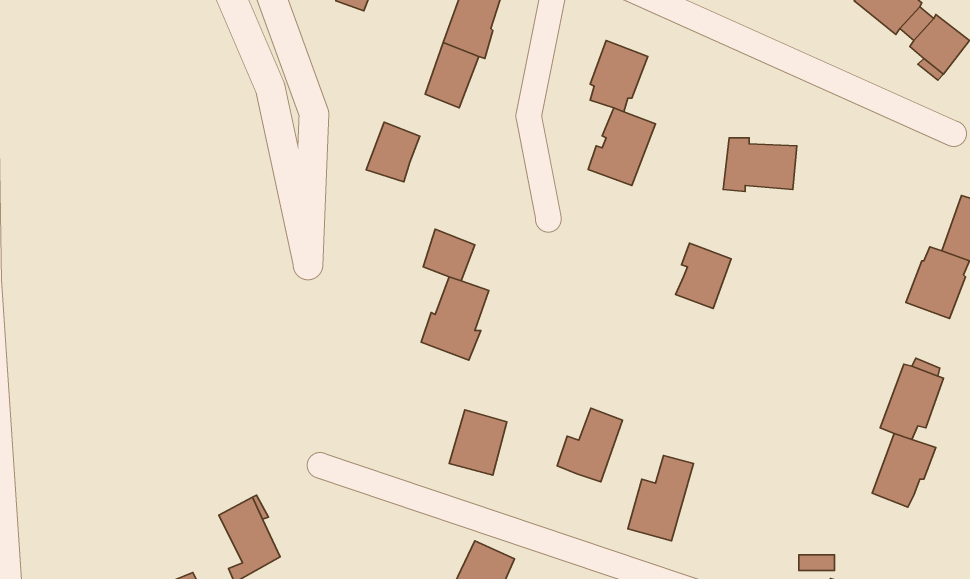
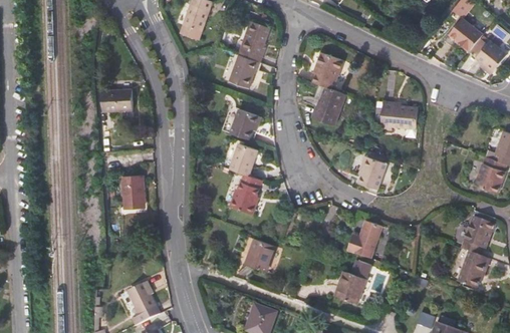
building: none -> [101,90,130,112]
building: [366,122,420,182] -> [230,107,257,137]
building: none -> [122,176,145,209]
building: [557,408,623,482] -> [345,220,378,257]

